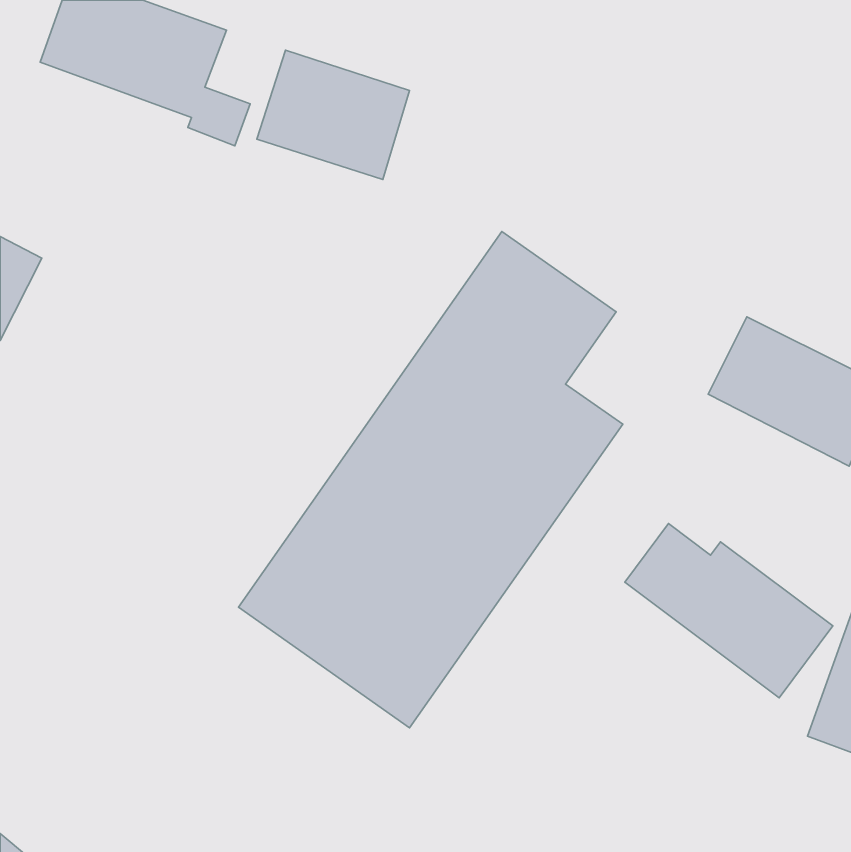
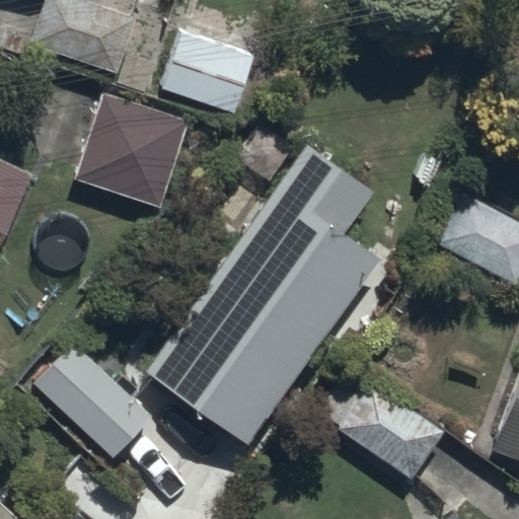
building: none -> [76,95,191,206]
building: [625,523,833,698] -> [319,376,445,481]
building: none -> [32,344,151,460]

